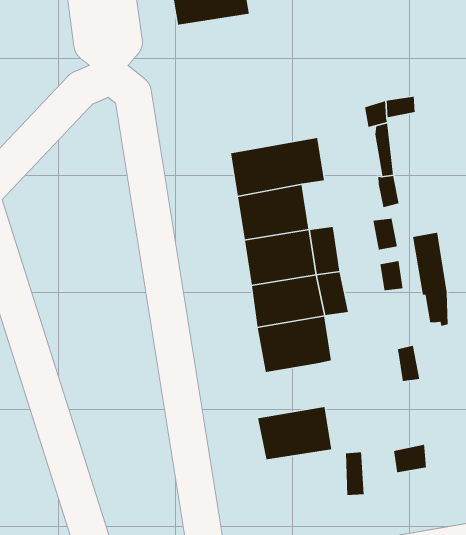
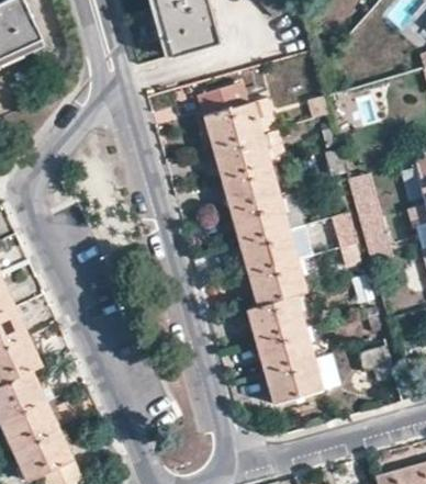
building: none -> [201,83,278,147]
building: none -> [247,296,305,341]
building: none -> [266,359,322,404]

